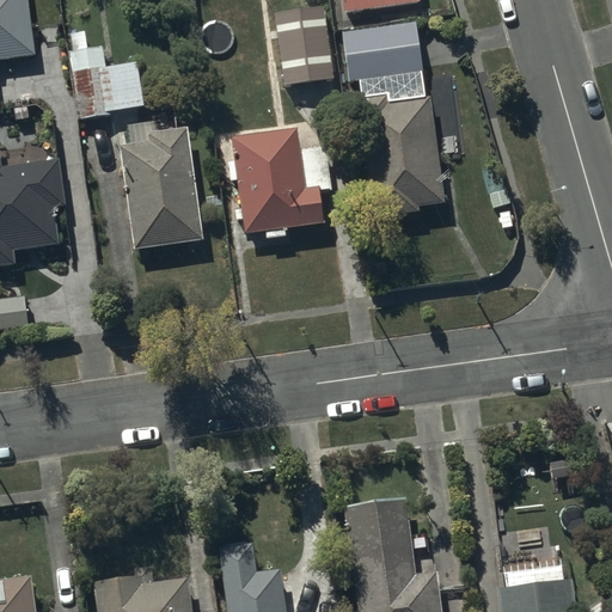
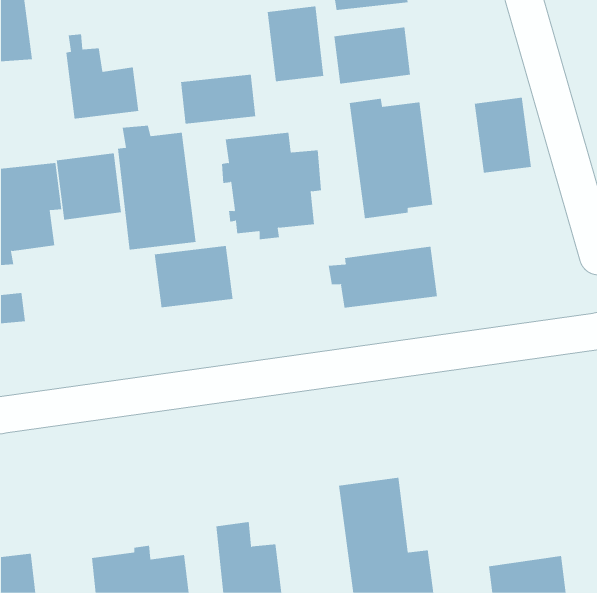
building: none -> [180,74,256,124]
building: none -> [474,97,532,174]
building: none -> [56,152,122,221]
building: none -> [154,245,233,308]
building: none -> [328,246,437,308]

